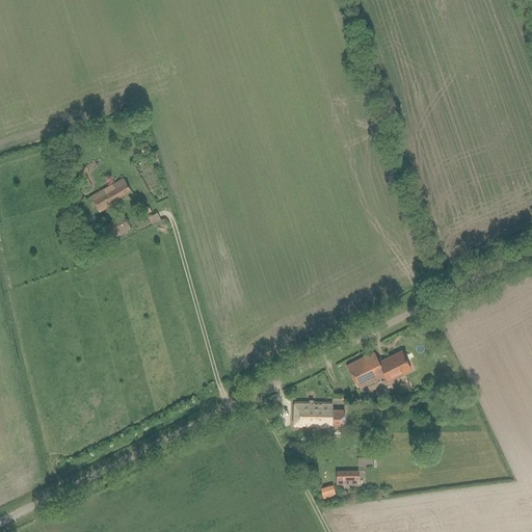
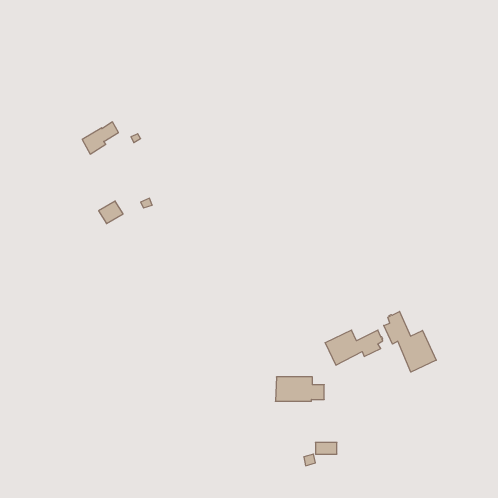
building: [89,178,128,212] -> [82,122,118,154]
building: none -> [384,311,436,372]

